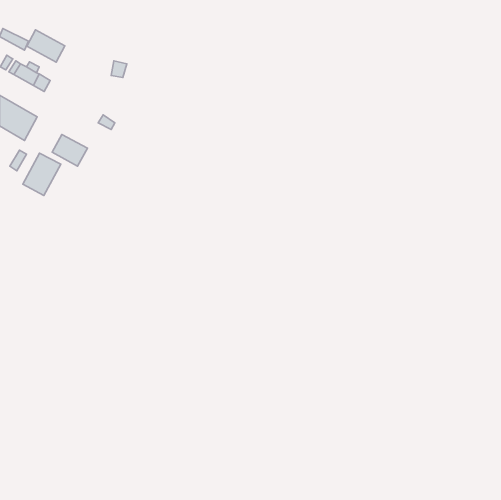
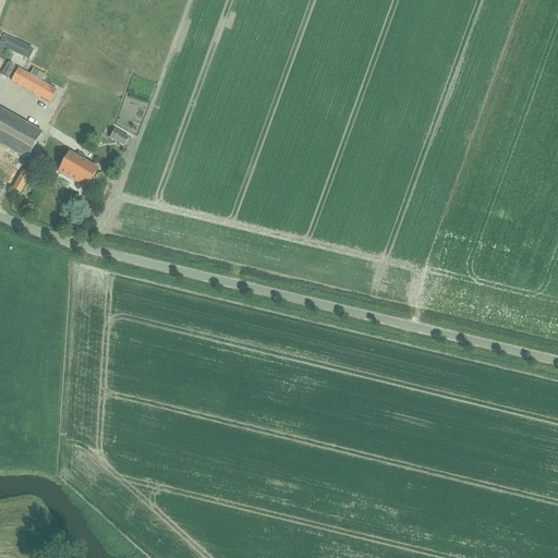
building: [27,30,65,62] -> none
building: [23,153,61,195] -> none

